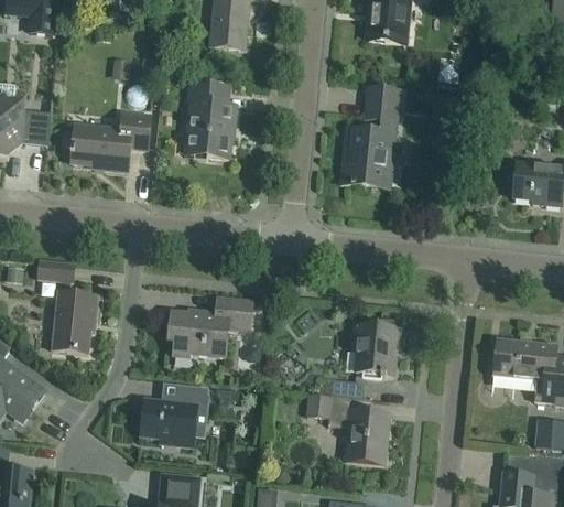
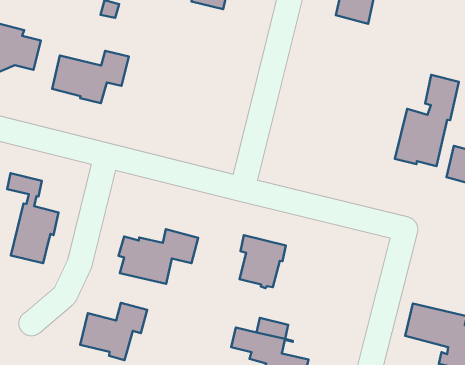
building: [185,82,239,158] -> none
building: [341,86,399,185] -> [395,75,459,166]
building: [352,323,401,377] -> [239,235,286,288]

